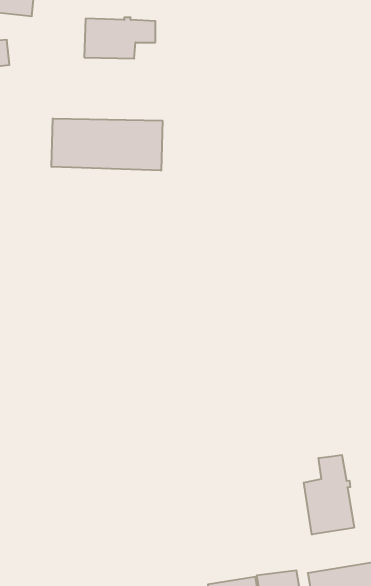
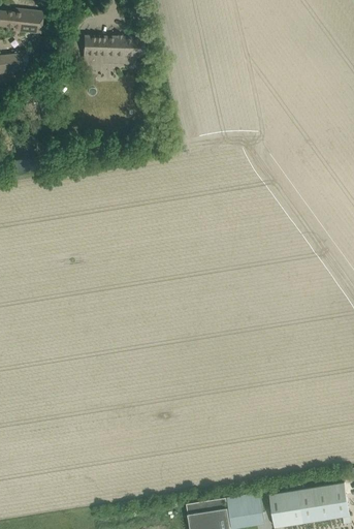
building: [52,118,162,171] -> none
building: [304,455,354,535] -> none

